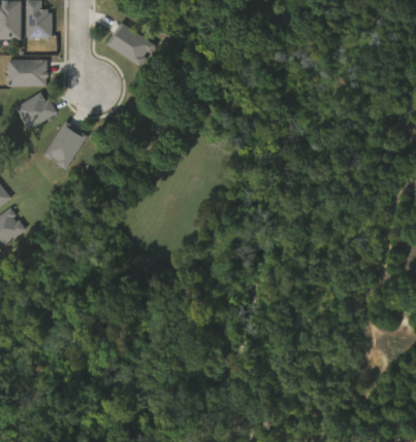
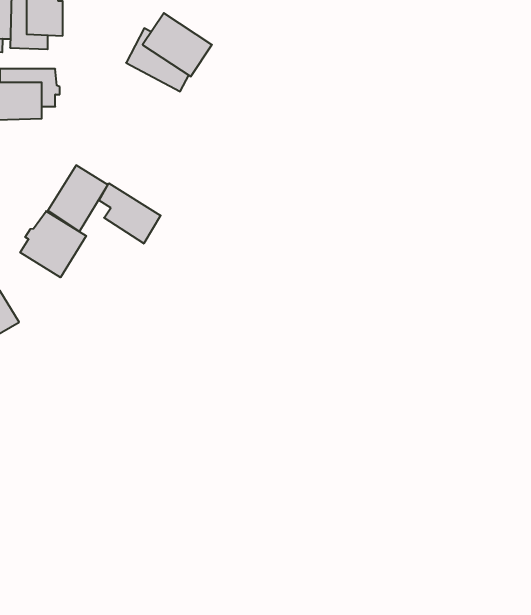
building: [14,91,55,129] -> none
building: none -> [99,183,161,244]
building: none -> [20,211,86,277]

